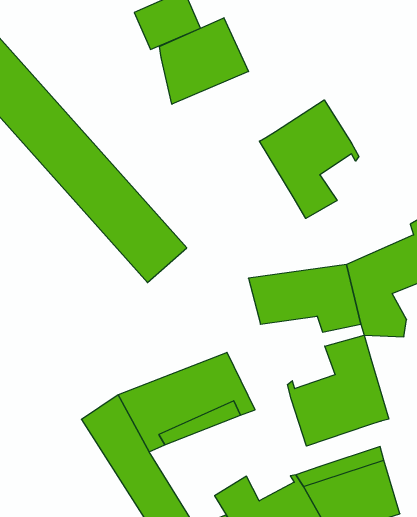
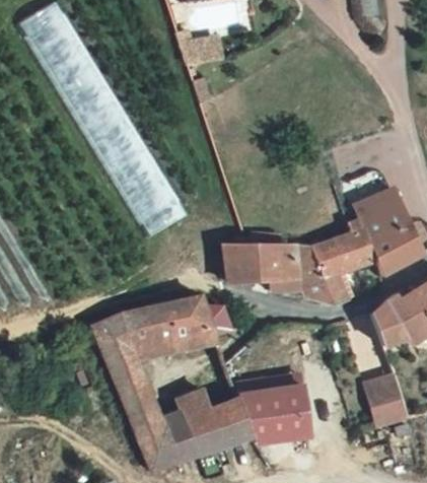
building: [159,18,248,104] -> none
building: [259,100,359,218] -> none
building: [288,335,389,446] -> none

